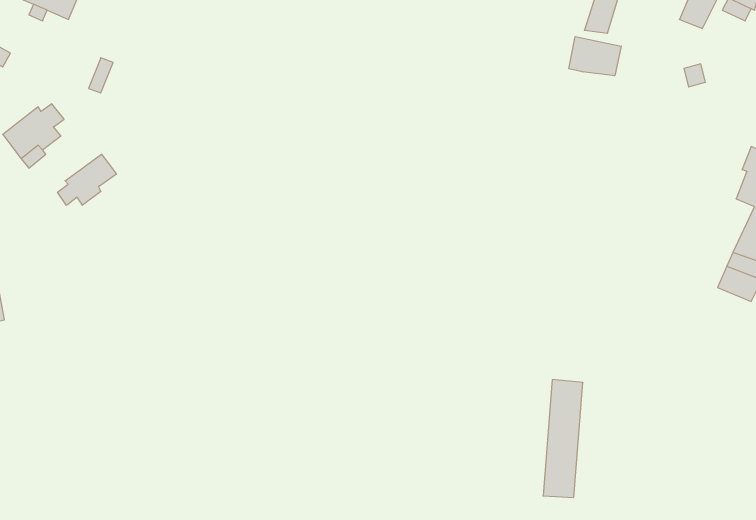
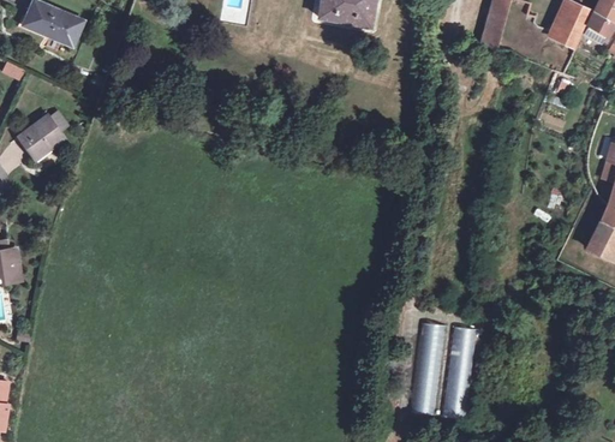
building: [569,37,621,76] -> none
building: [58,154,116,205] -> none
building: none -> [412,321,444,413]

